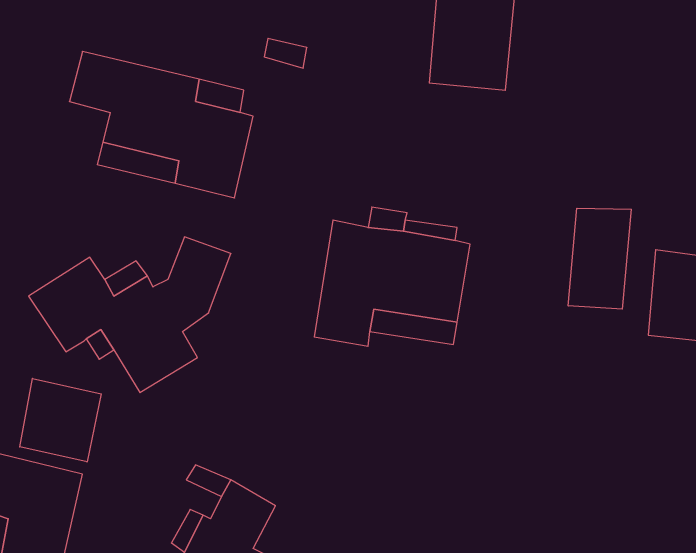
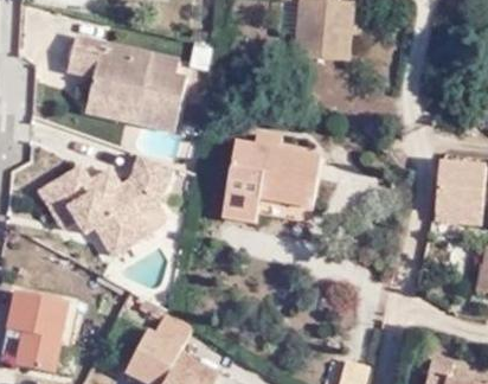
building: [568,208,631,309] -> none
building: [20,378,101,462] -> none

